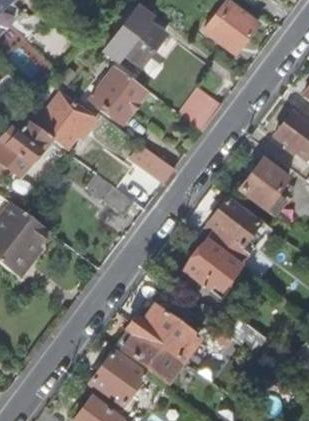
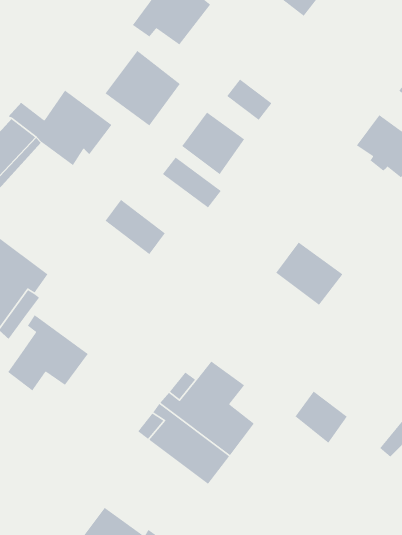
building: none -> [181,111,245,175]
building: [238,159,286,209] -> none
building: [183,244,235,290] -> none
building: none -> [7,314,89,392]
building: [91,354,145,408] -> none

